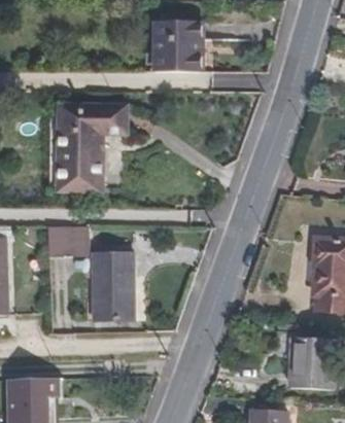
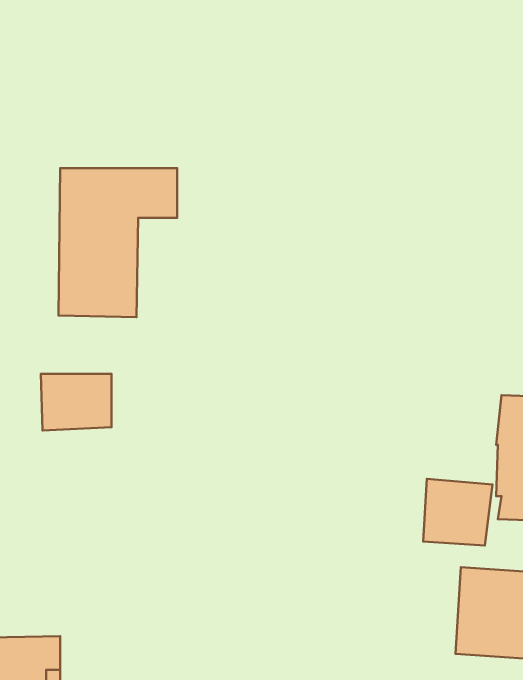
building: [153,21,202,71] -> none
building: [92,252,133,320] -> none
building: none -> [423,479,493,545]

